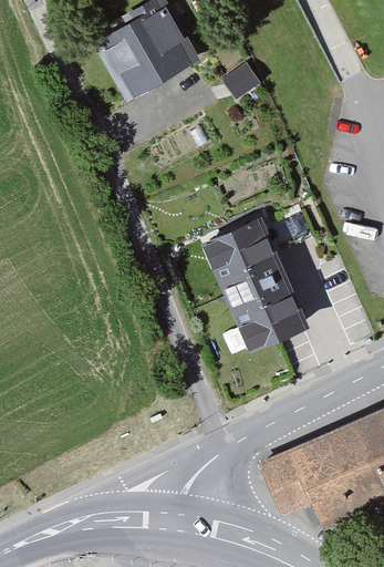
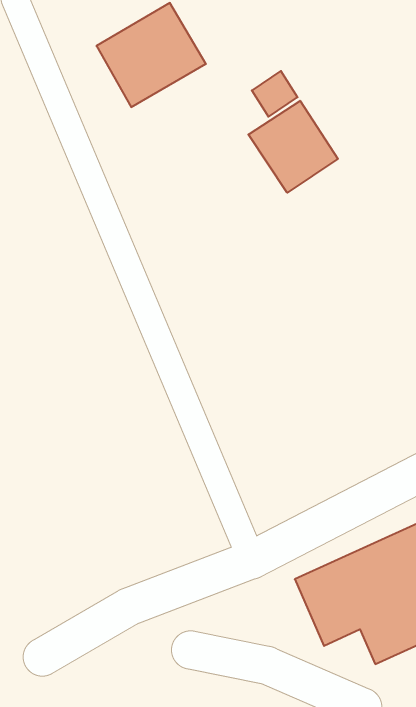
building: none -> [248,101,338,193]
building: [206,215,302,338] -> none

